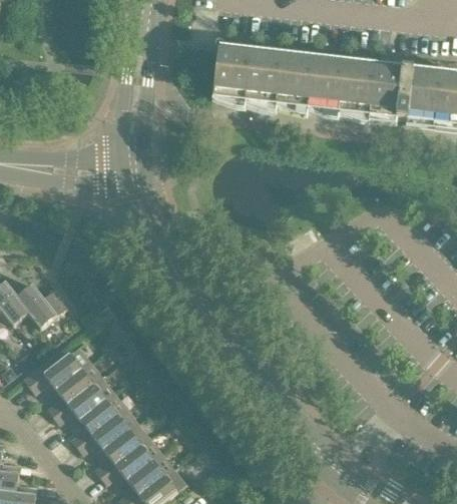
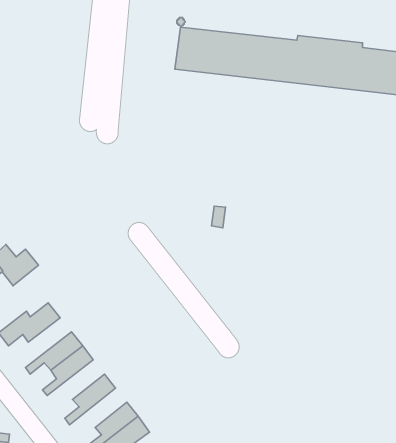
building: [45,361,100,414] -> none
building: [74,406,135,451] -> none
building: [98,436,159,482] -> none

